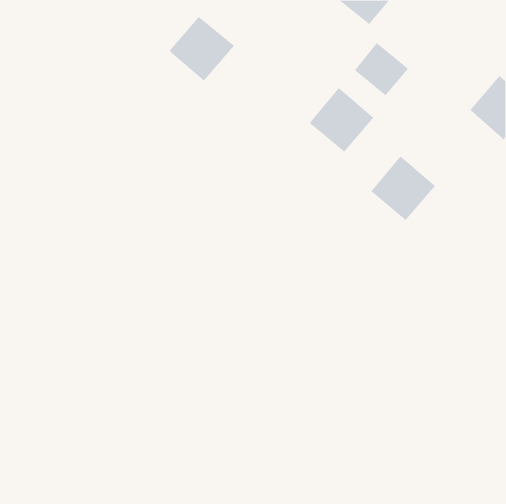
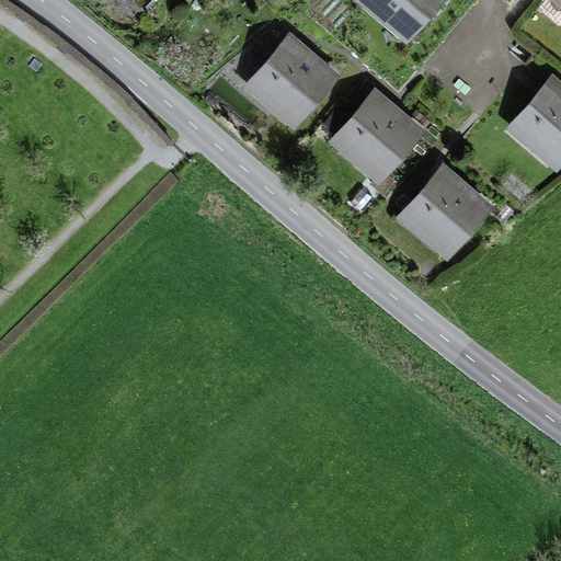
building: [169,16,235,81] -> [256,44,330,116]
building: [354,42,409,96] -> none

